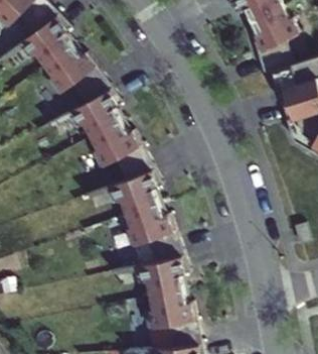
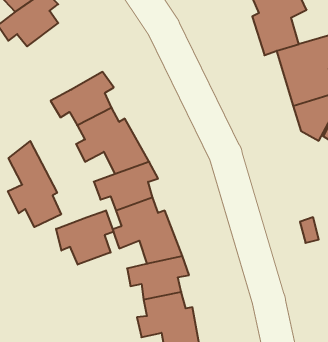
building: [43,43,112,104] -> none
building: none -> [8,141,61,227]
building: none -> [56,210,113,265]

